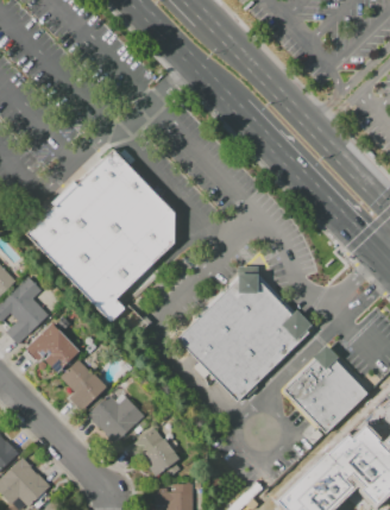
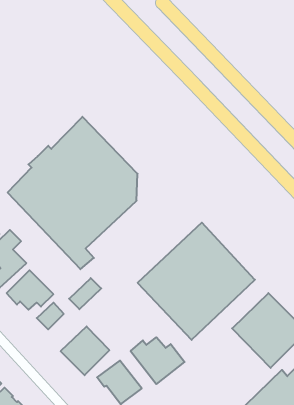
building: [70,374,107,410] -> [69,278,101,309]
building: none -> [131,337,185,384]

